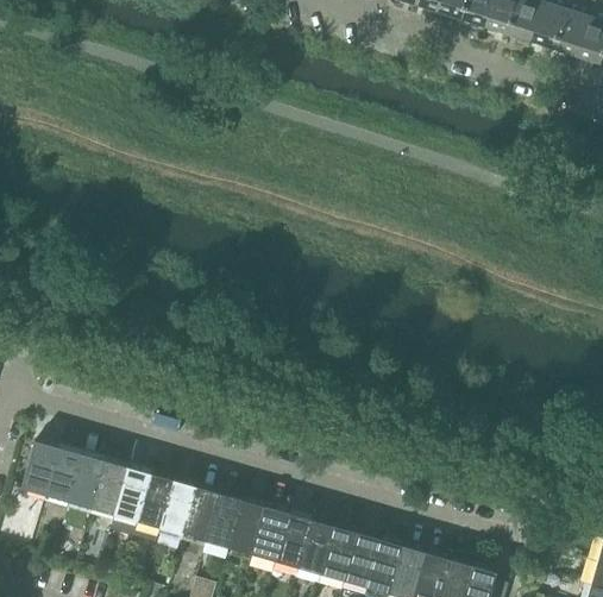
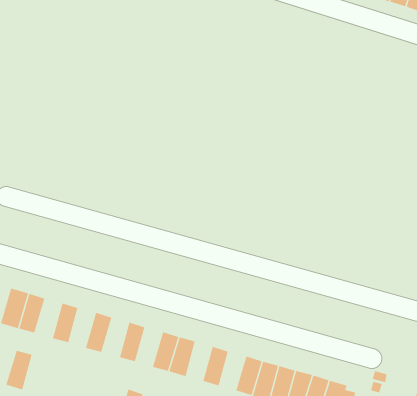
building: [69,455,106,510] -> [6,350,33,390]
building: [115,469,152,523] -> none
building: [161,482,197,536] -> none
building: [207,495,244,549] -> none
building: [276,514,312,568] -> none
building: [321,528,358,582] -> none

